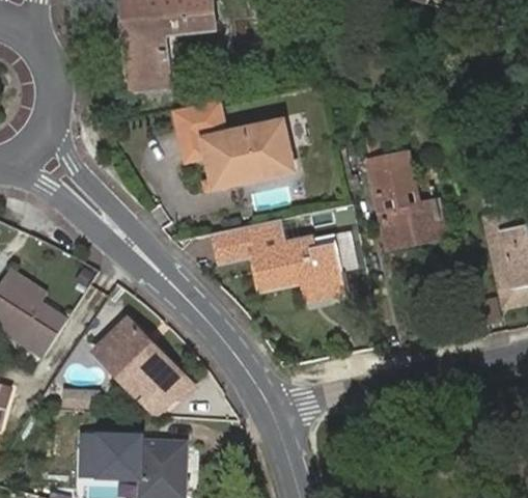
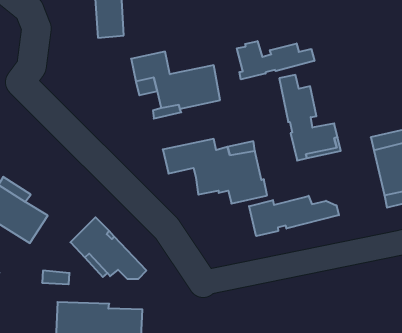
building: none -> [237,41,314,79]
building: none -> [249,196,339,236]

